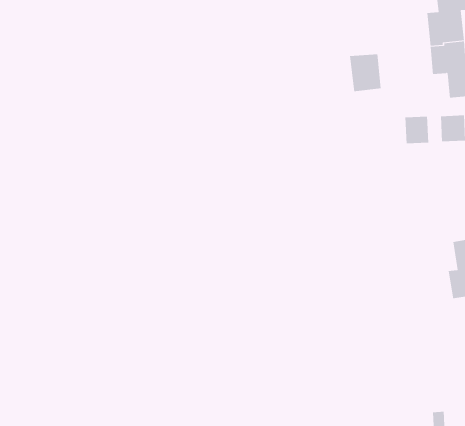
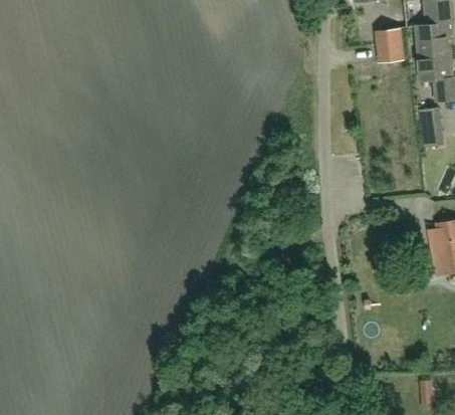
building: [349,54,382,92] -> [374,27,403,61]
building: [405,116,429,144] -> none

